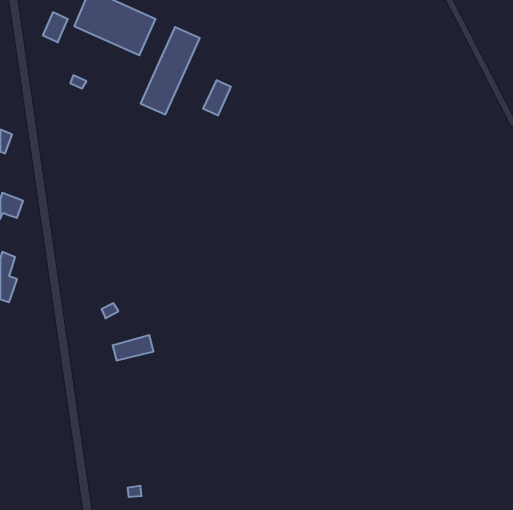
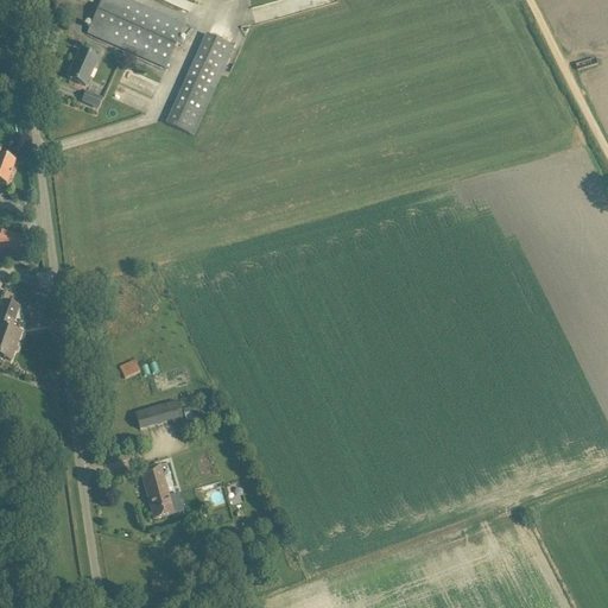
building: [43,12,68,42] -> [68,48,97,83]
building: [203,80,231,115] -> none
building: none -> [139,462,175,517]

